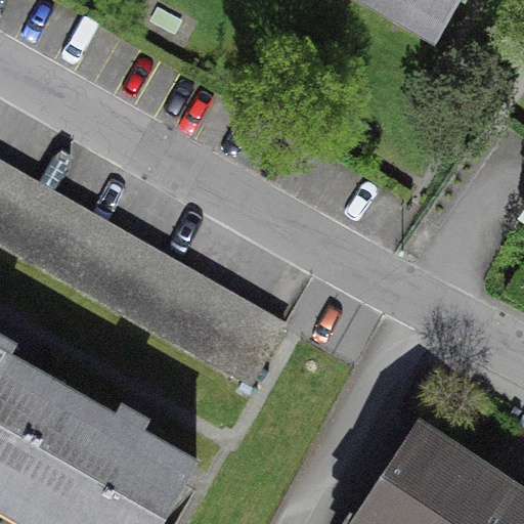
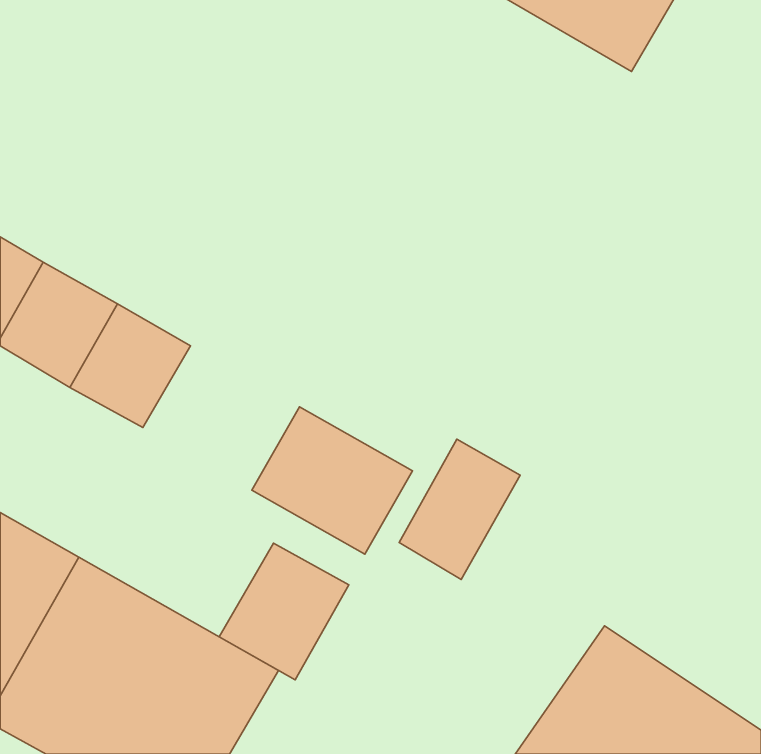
building: [98,237,206,337] -> none
building: none -> [399,439,520,579]
building: none -> [219,543,349,680]

